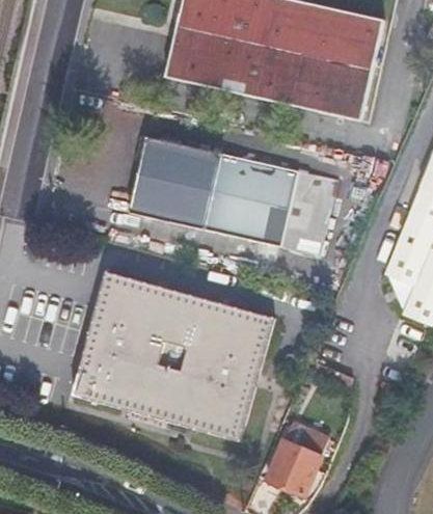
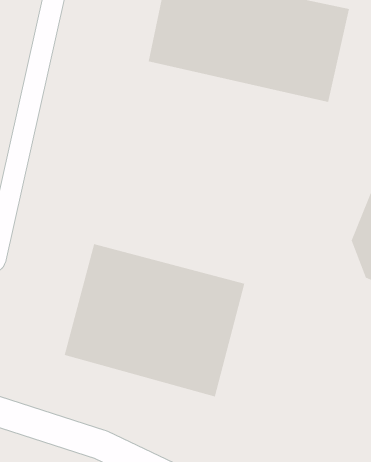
building: [128,135,333,255] -> none
building: [262,436,314,494] -> none

